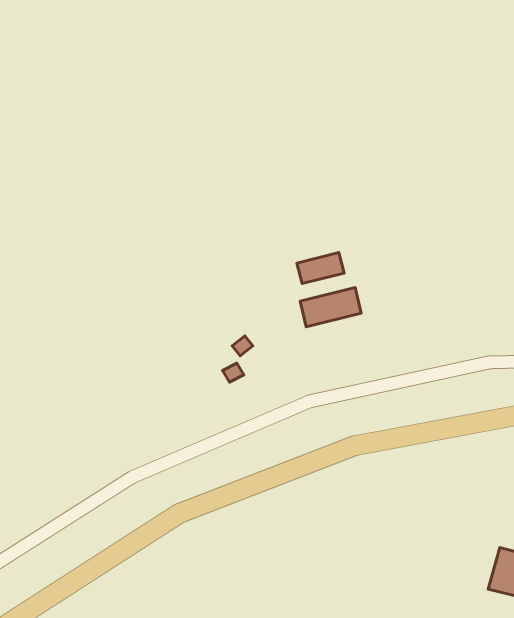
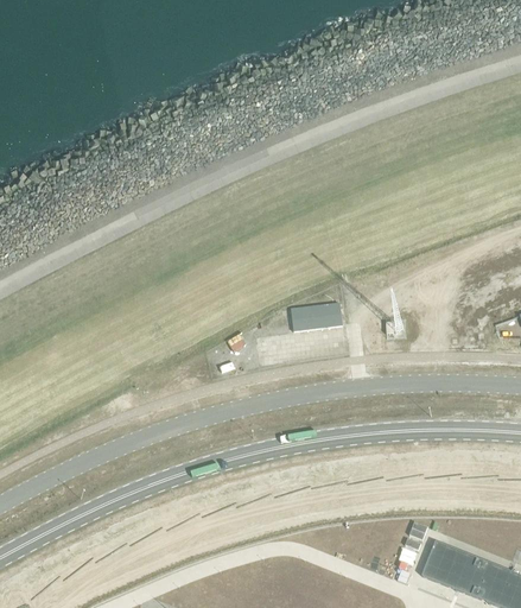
building: [297,253,344,284] -> none

